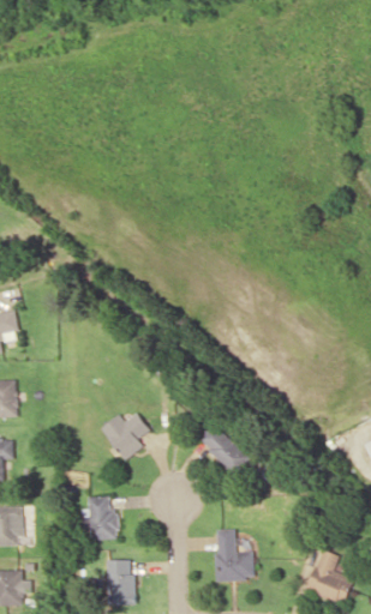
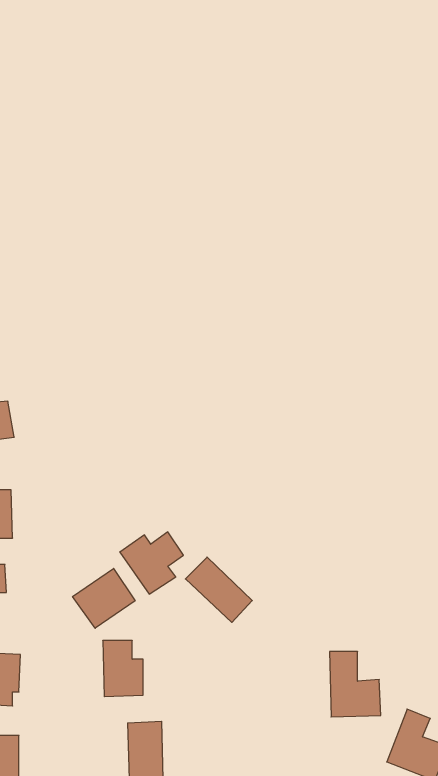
building: [198,425,250,475] -> [185,557,252,622]
building: none -> [73,568,135,628]
building: [215,530,255,580] -> [330,652,381,717]

